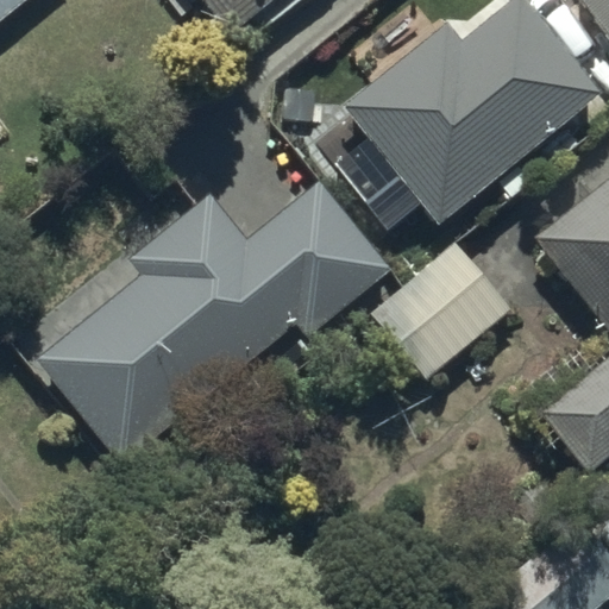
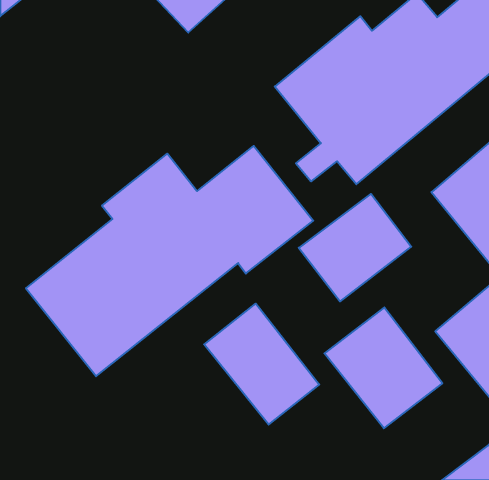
building: none -> [204,304,319,425]
building: none -> [324,307,442,428]

